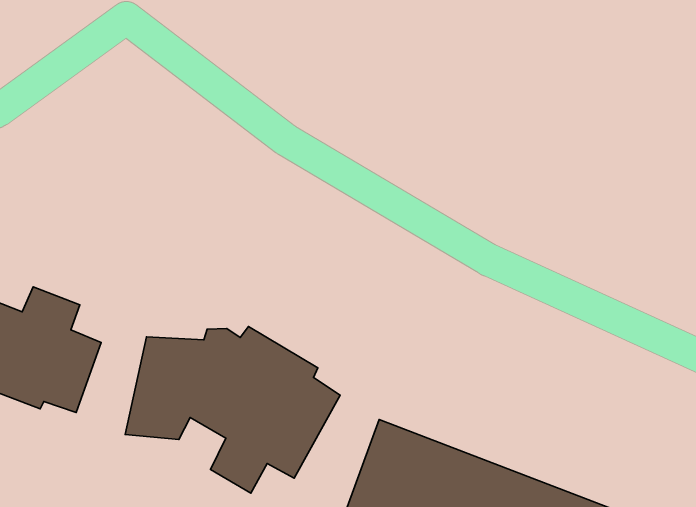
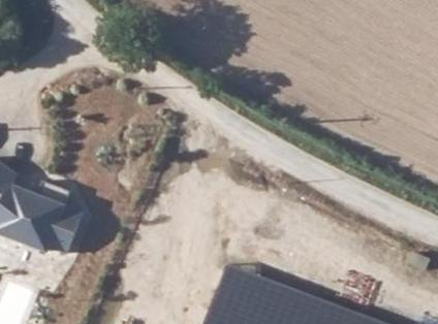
building: [125,327,340,493] -> none

